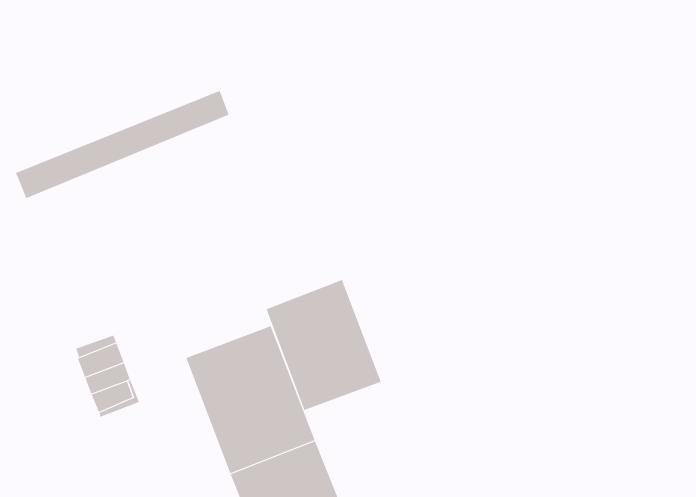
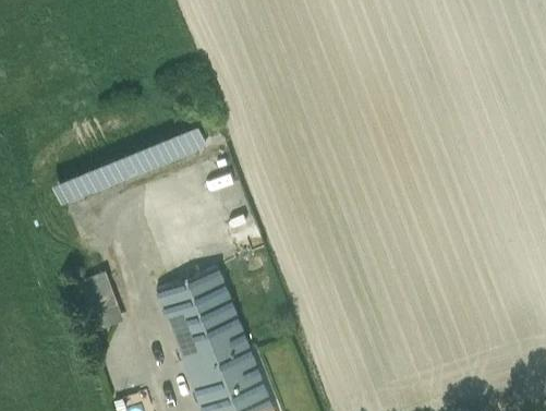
building: [15,90,229,199] -> [53,128,206,205]
building: [266,279,382,411] -> none

